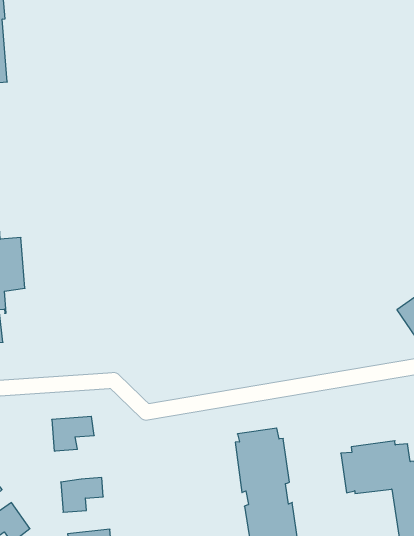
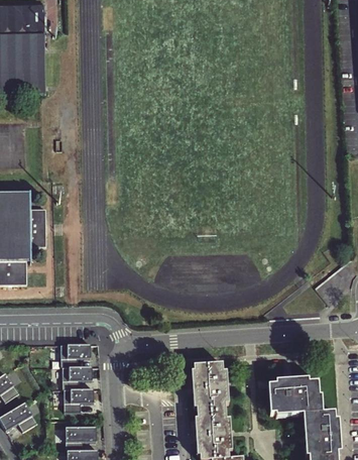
building: none -> [59,366,91,389]

